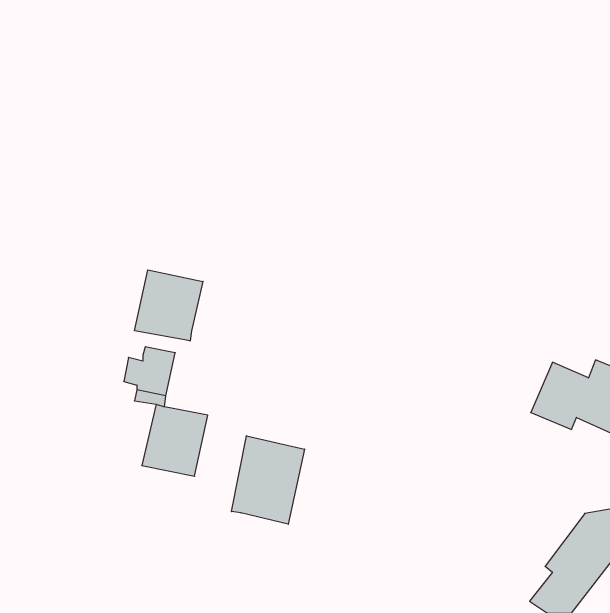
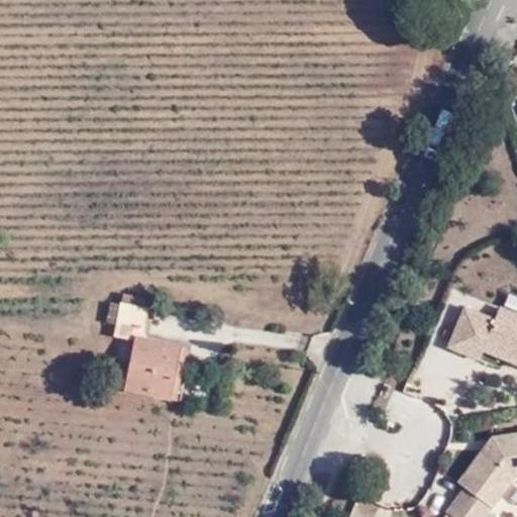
building: [135,270,203,341] -> none
building: [231,436,305,524] -> none

